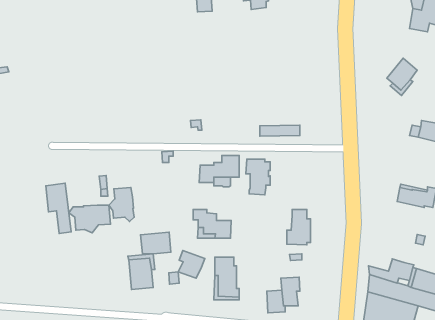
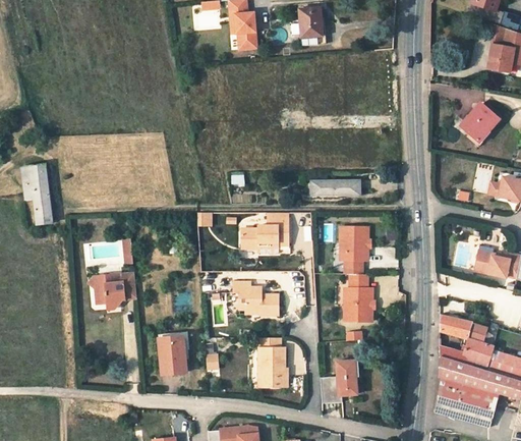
building: [246,159,270,195] -> [340,226,368,268]
building: [46,183,71,234] -> [22,165,52,224]
building: [109,187,134,221] -> none
building: [141,232,171,254] -> none
building: none -> [440,315,485,342]
building: [178,250,205,278] -> none

